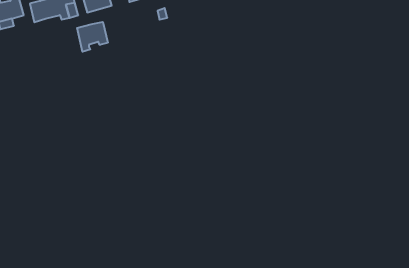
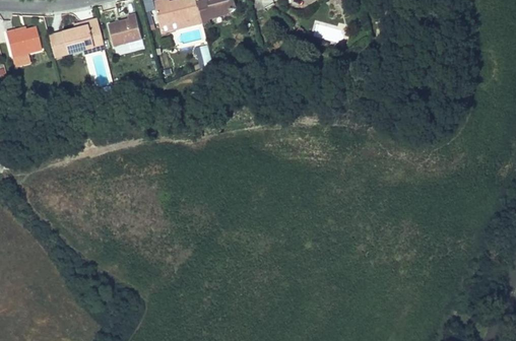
building: [77,22,108,52] -> none

